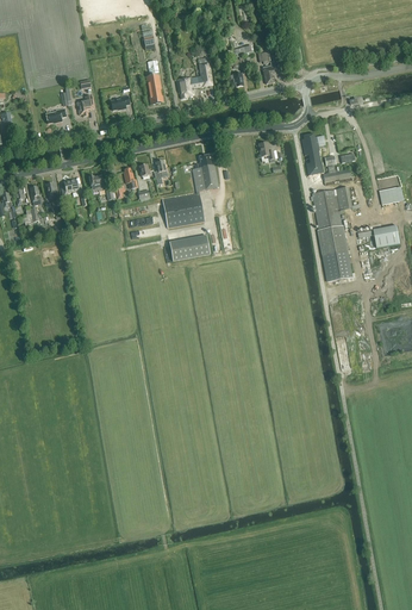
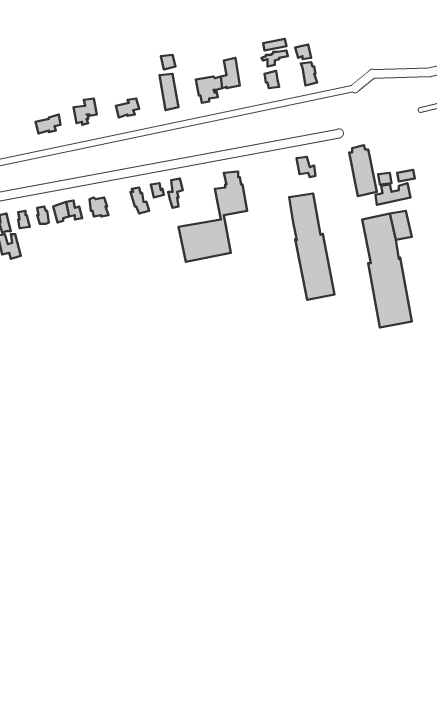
building: none -> [289,193,334,300]
building: [169,235,210,260] -> none

